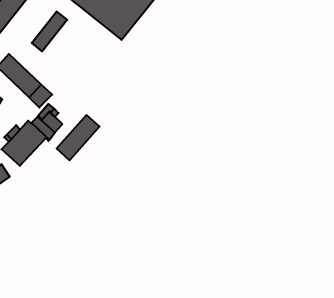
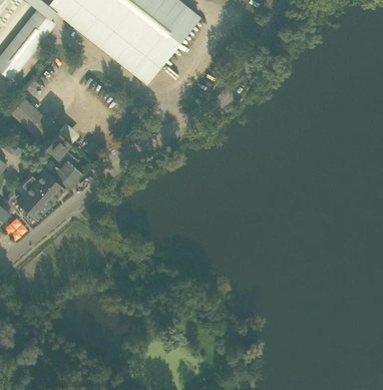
building: [32,11,67,51] -> none
building: [57,115,100,160] -> none

